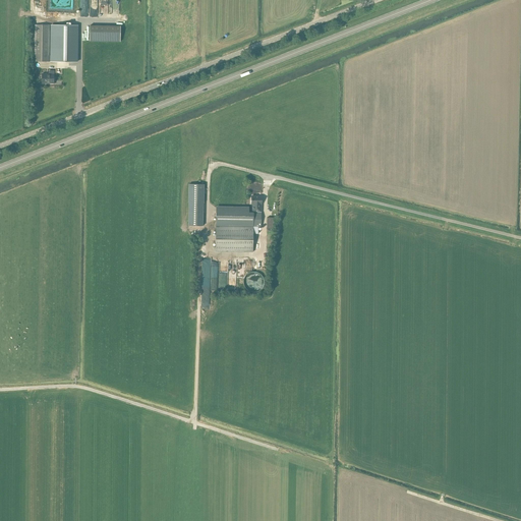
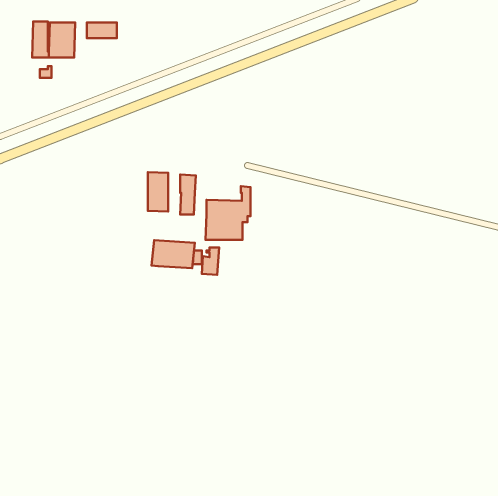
building: none -> [148,172,168,212]
building: none -> [152,240,195,268]

